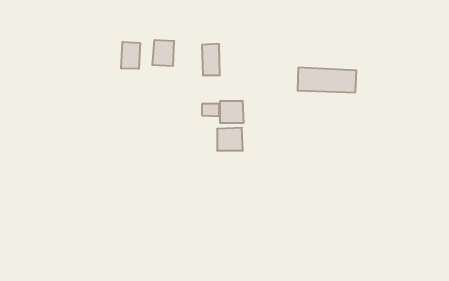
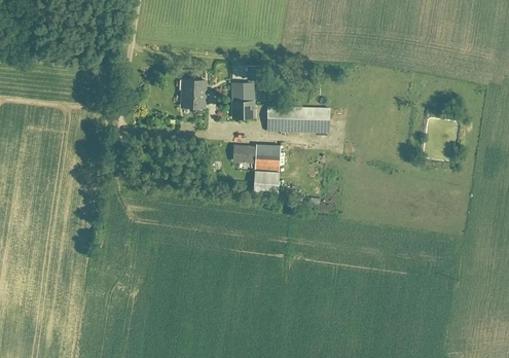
building: [121,42,140,69] -> none
building: [297,68,356,92] -> [266,106,330,133]

